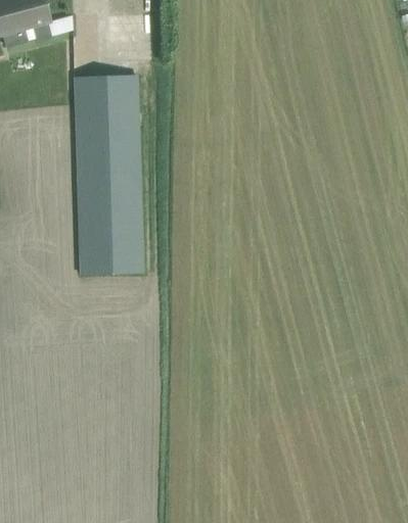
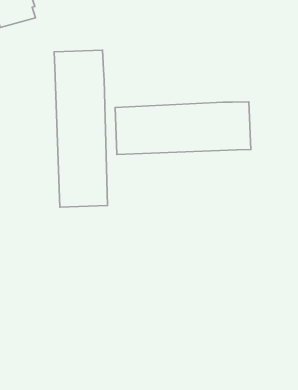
building: none -> [115,102,251,155]

